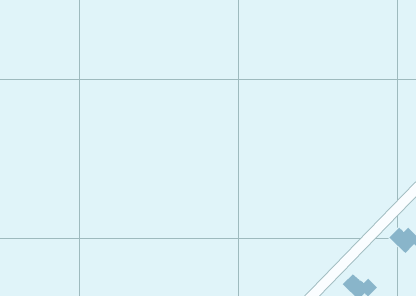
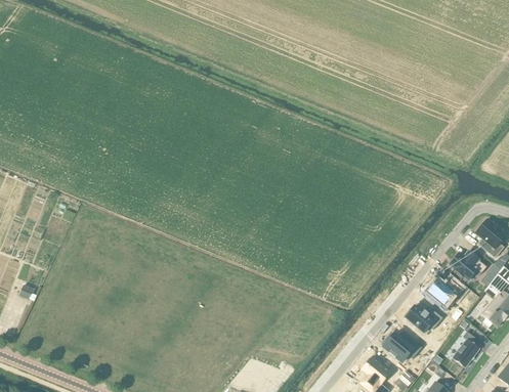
building: none -> [426,278,464,305]

